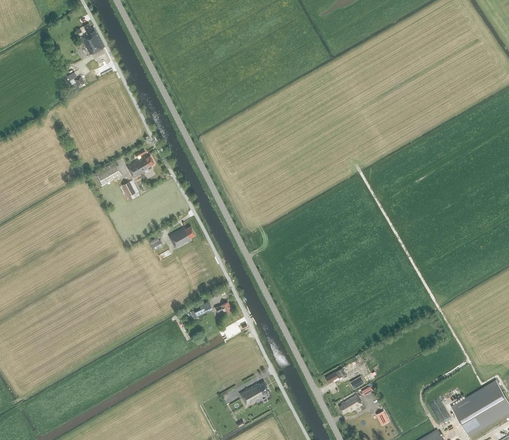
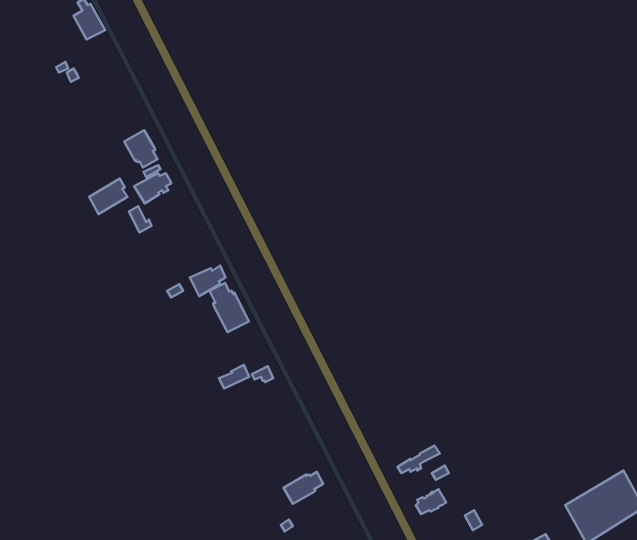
building: none -> [124,130,158,167]
building: none -> [209,283,249,332]

